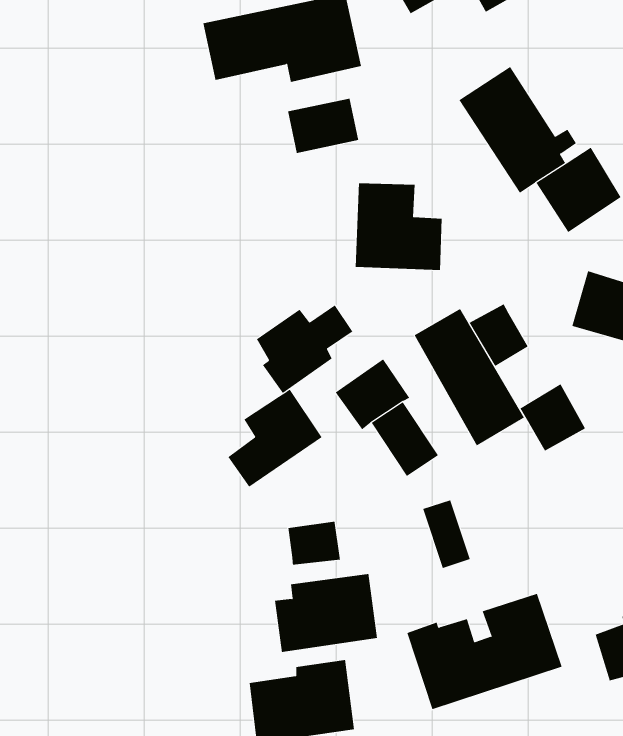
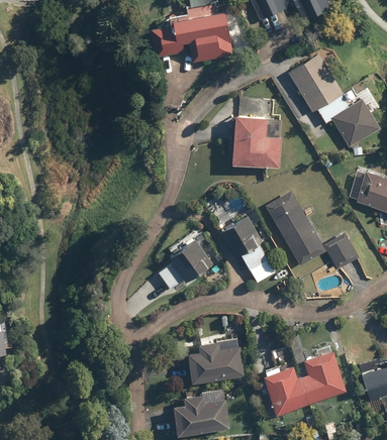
building: [288,98,359,154] -> none
building: [469,304,529,367] -> none
building: [256,305,353,394] -> none
building: [423,499,470,569] -> none
building: [288,521,340,565] -> none

